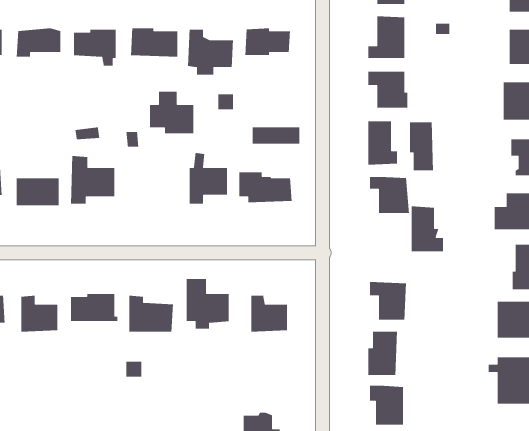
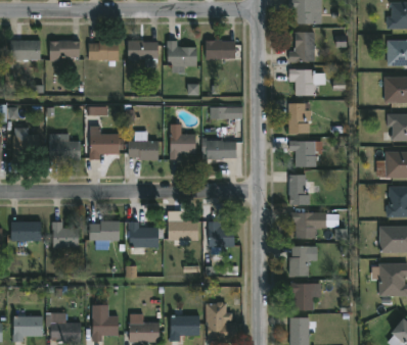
building: [149,91,194,134] -> [129,132,160,161]
building: [409,122,434,171] -> none
building: [411,206,444,252] -> [289,175,312,206]

